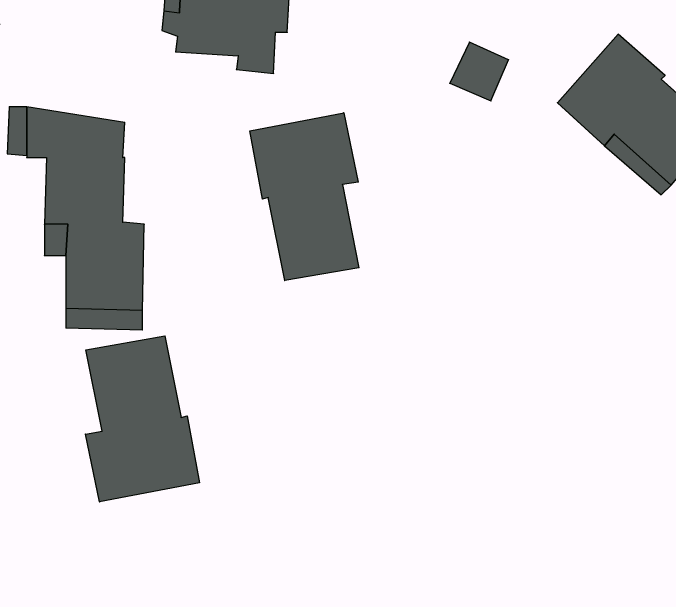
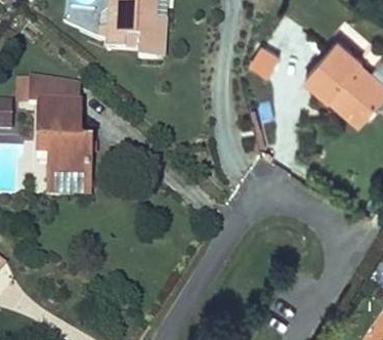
building: [250,113,359,281] -> none
building: [85,336,199,502] -> none

